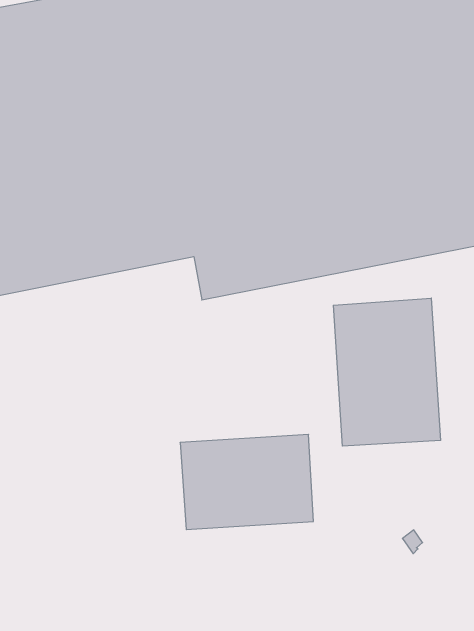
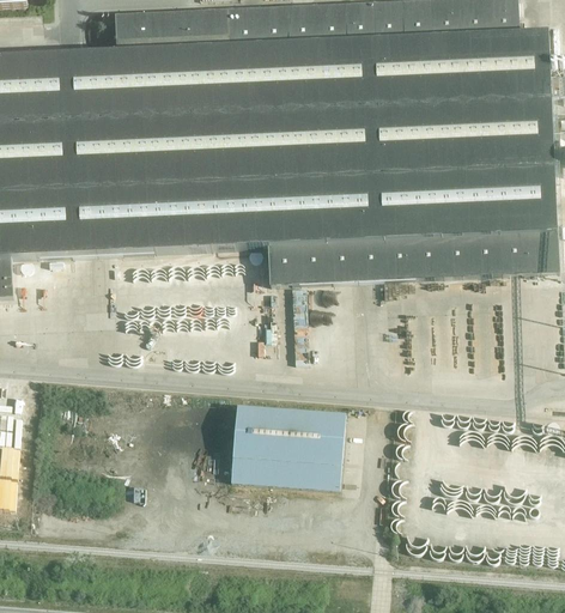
building: [333,298,441,446] -> none

